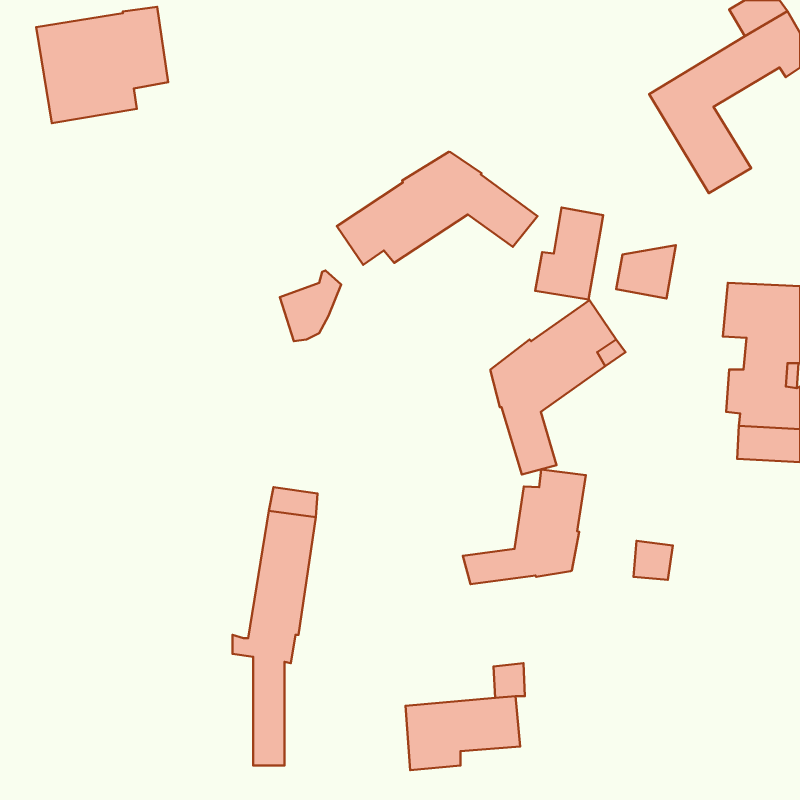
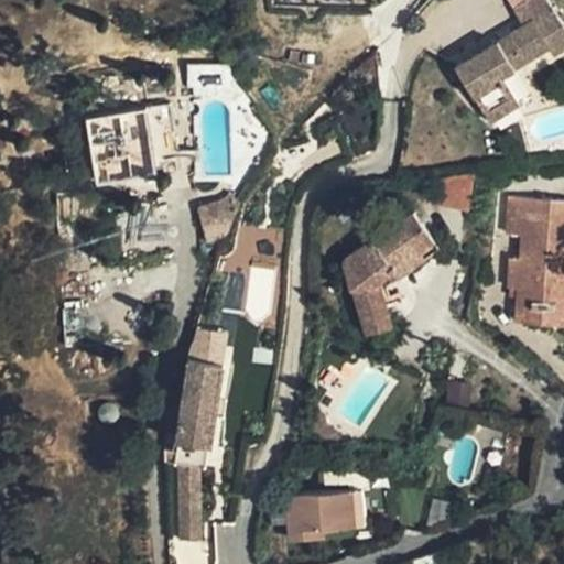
building: [36,7,168,123] -> [85,102,177,184]
building: [337,152,538,265] -> none
building: [535,208,603,299] -> none
building: [463,469,586,584] -> none

